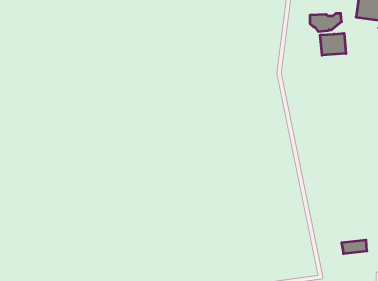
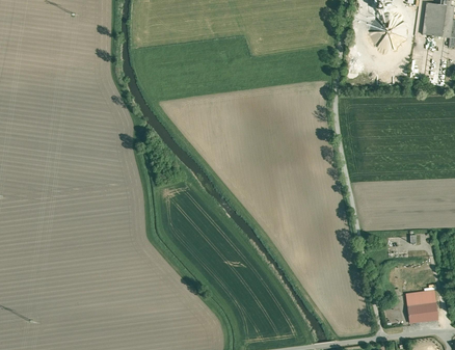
building: [320,33,346,55] -> none
building: none -> [408,303,438,325]

